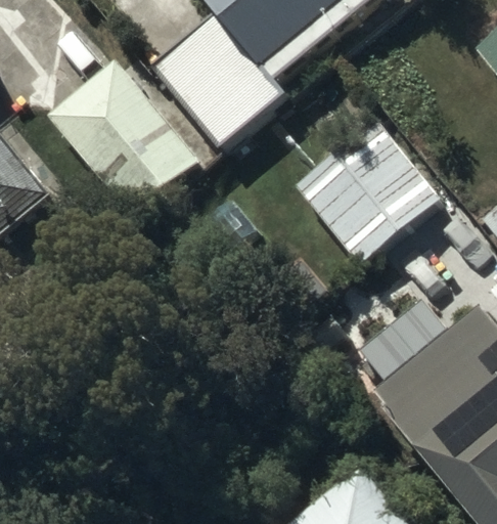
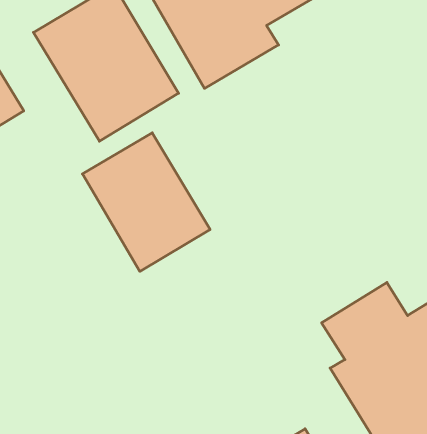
building: [292,116,443,266] -> none
building: none -> [82,133,210,271]

